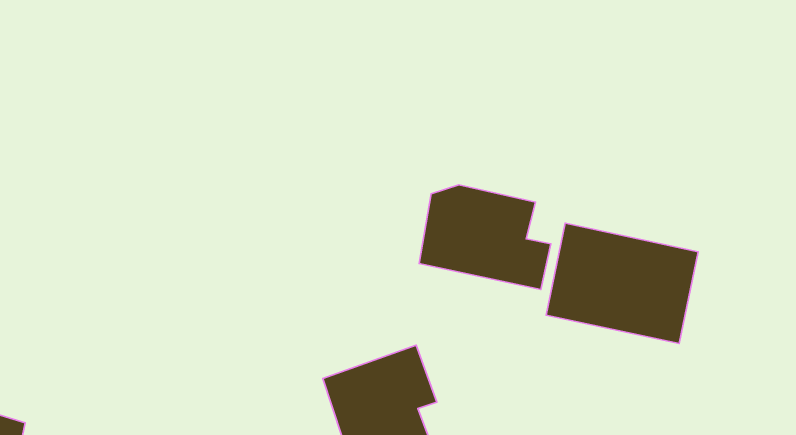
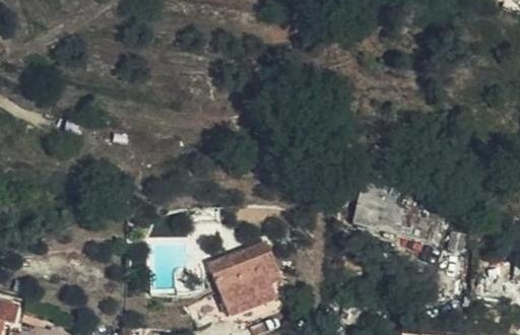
building: [419,185,551,290] -> none

